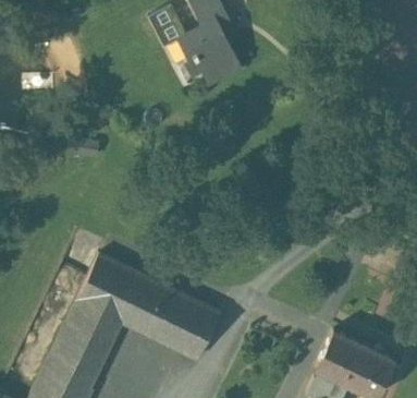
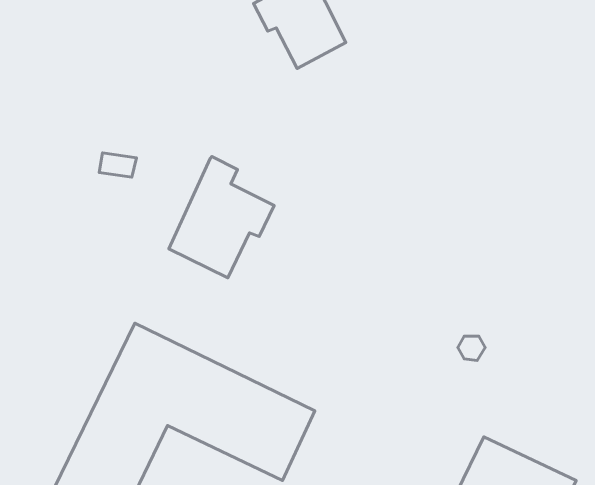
building: none -> [169,157,274,278]

